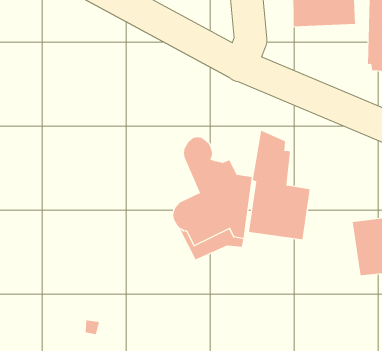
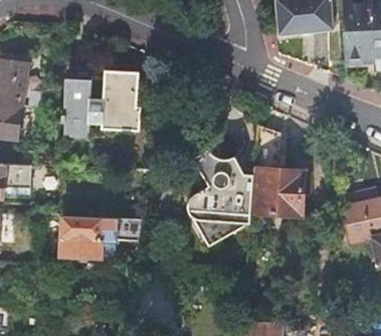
building: none -> [62,68,138,130]
building: none -> [60,216,148,261]

